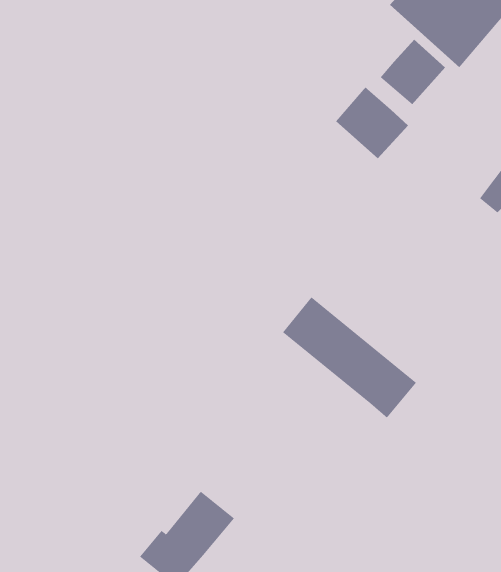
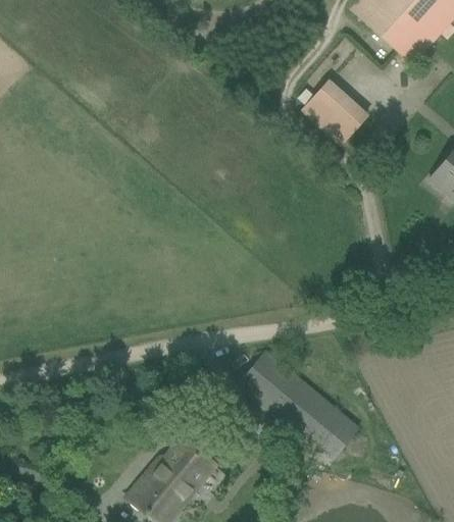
building: [380,39,446,105] -> none
building: [282,296,417,419] -> [240,351,359,459]

